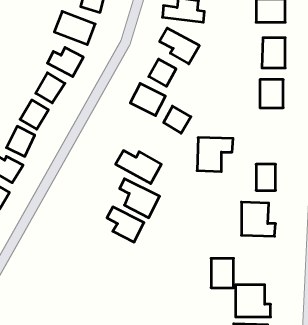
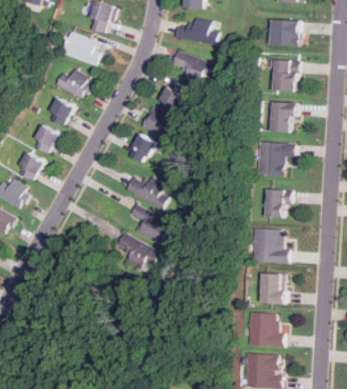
building: [164,106,191,133] -> [130,133,158,161]
building: [197,138,233,172] -> [259,141,296,176]
building: [211,258,234,288] -> [263,273,286,303]

